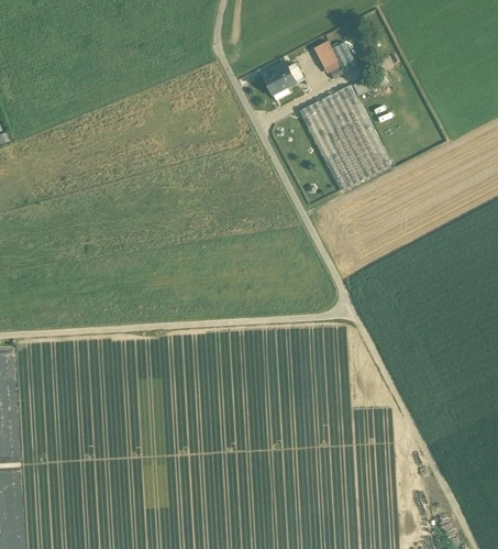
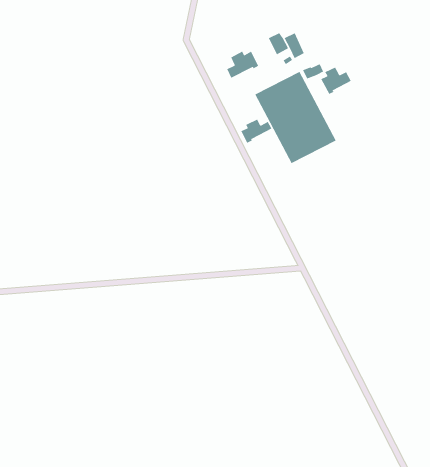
building: none -> [320,66,352,95]
building: none -> [240,118,273,144]

